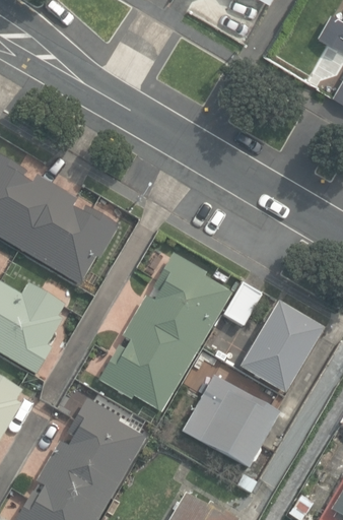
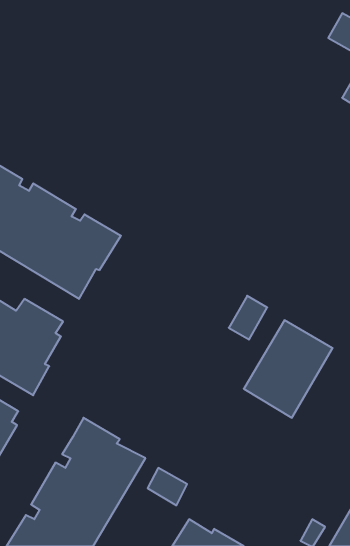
building: [96,252,230,410] -> none
building: [181,377,278,470] -> none

